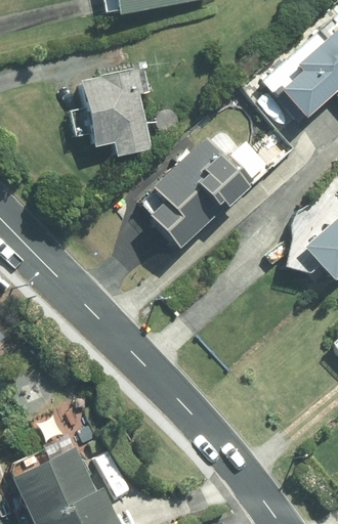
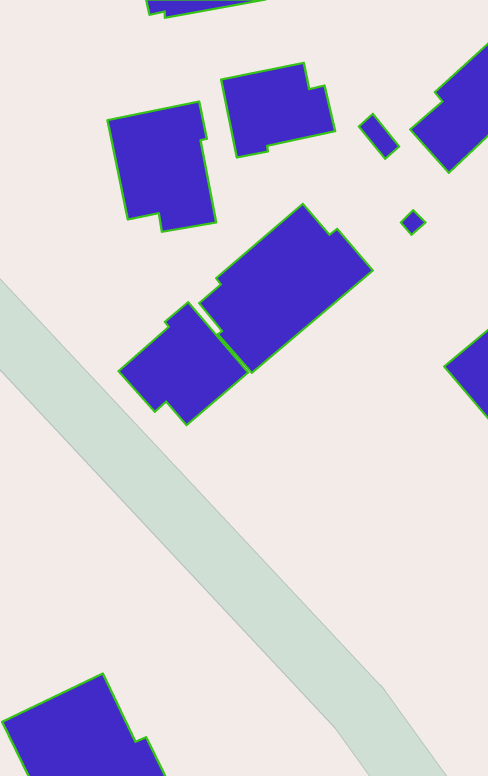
building: none -> [221,63,335,157]
building: none -> [119,302,248,425]

